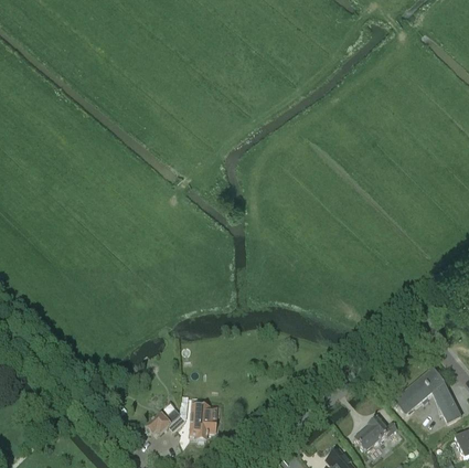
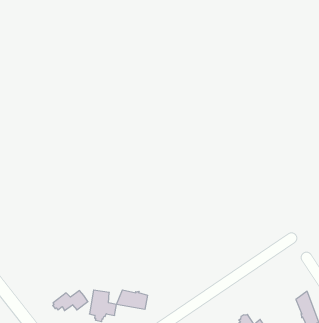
building: [393,368,444,415] -> none
building: none -> [117,290,147,309]

